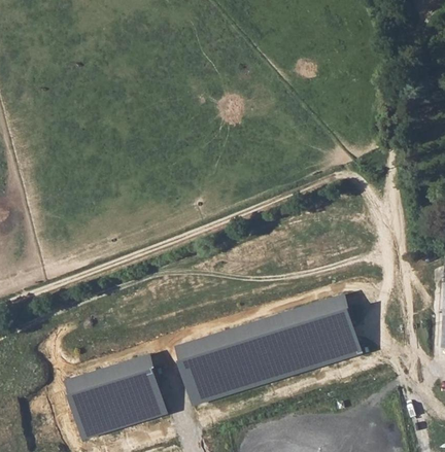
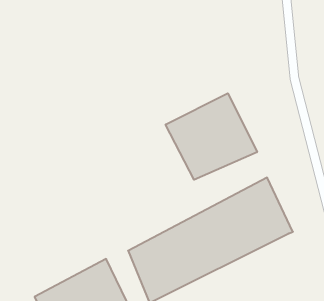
building: none -> [166,93,257,180]

